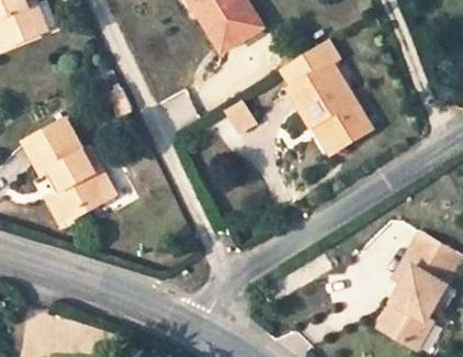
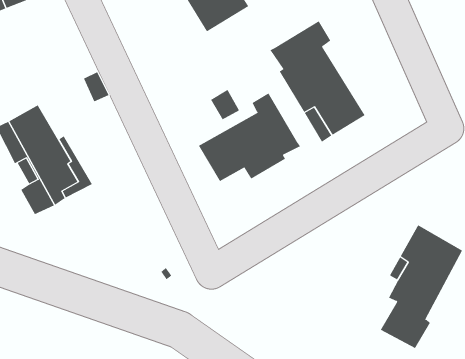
building: none -> [198,92,301,182]

